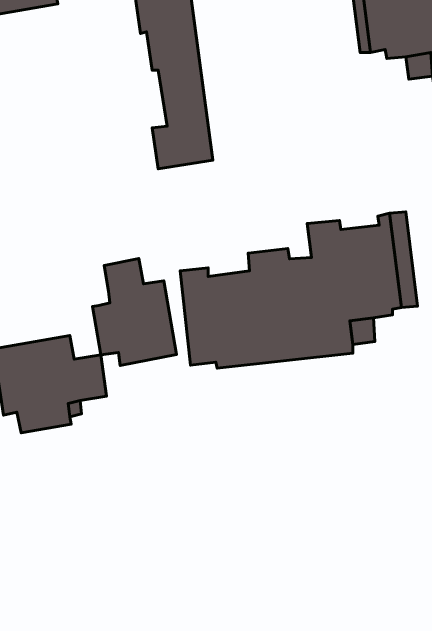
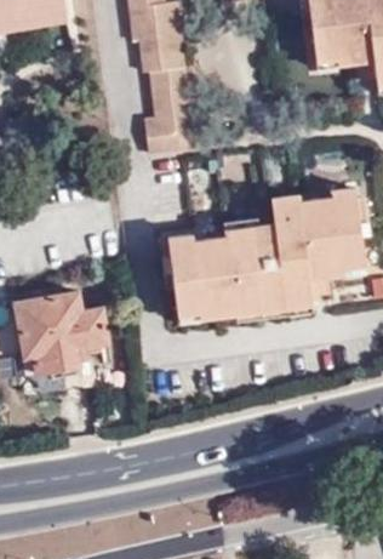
building: [92,258,176,365] -> none

